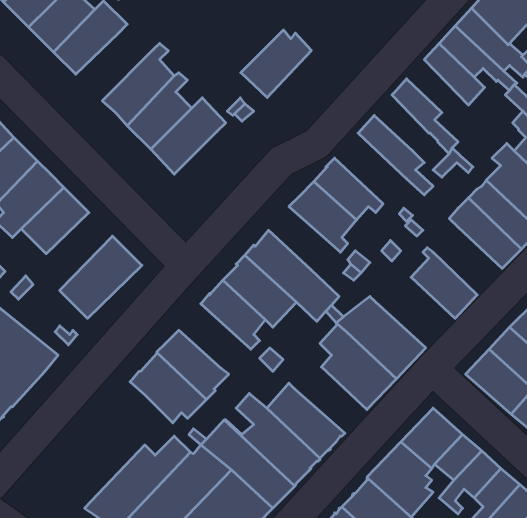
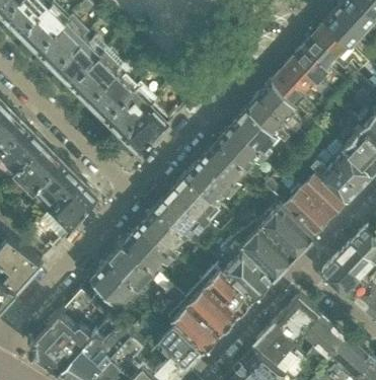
building: [241,30,311,98] -> [121,106,169,153]
building: none -> [53,39,106,85]
building: none -> [281,57,332,108]
building: none -> [258,81,304,129]
building: none -> [231,107,281,156]
building: none -> [185,158,235,202]
building: none -> [29,162,78,216]
building: none -> [299,172,347,219]
building: none -> [259,203,314,255]
building: none -> [124,225,173,270]
building: none -> [204,267,253,314]
building: none -> [30,288,117,366]

